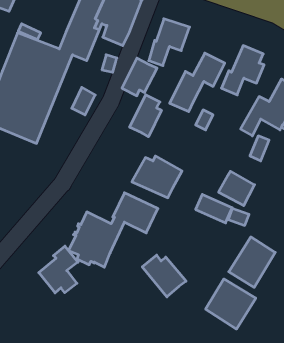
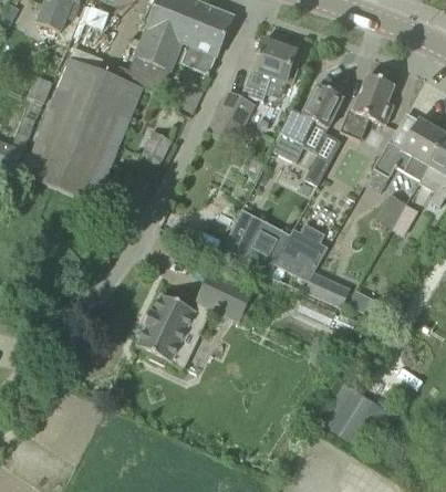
building: [130,95,161,137] -> none
building: [219,171,255,206] -> [274,233,322,279]
building: [229,237,275,287] -> none
building: [39,246,78,293] -> none
building: [142,255,186,297] -> none

